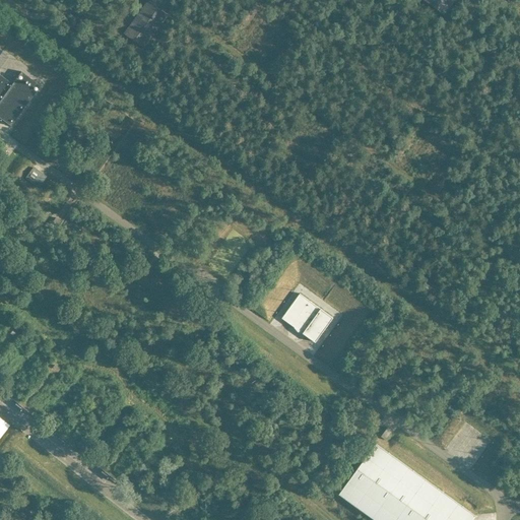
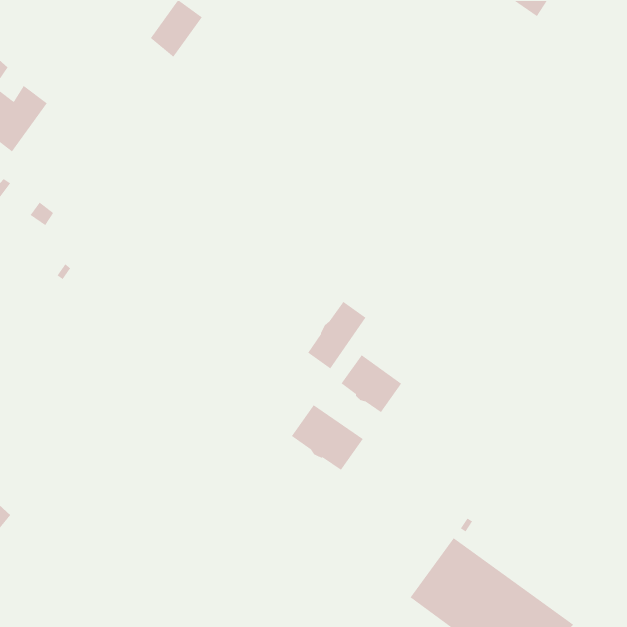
building: none -> [307,301,367,369]
building: none -> [291,404,364,471]

